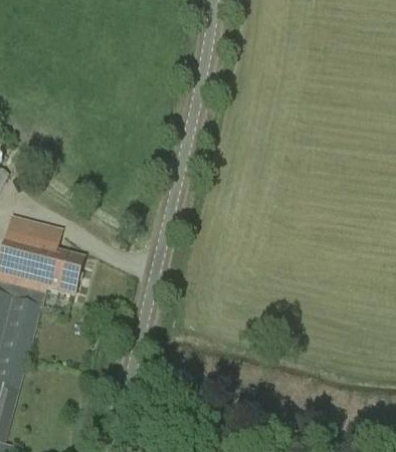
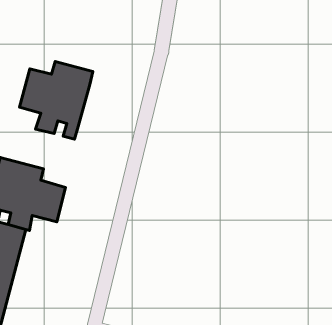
building: none -> [19,61,93,139]

